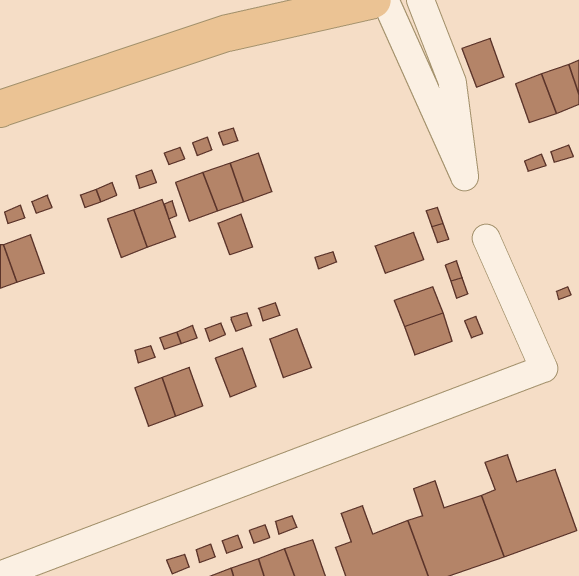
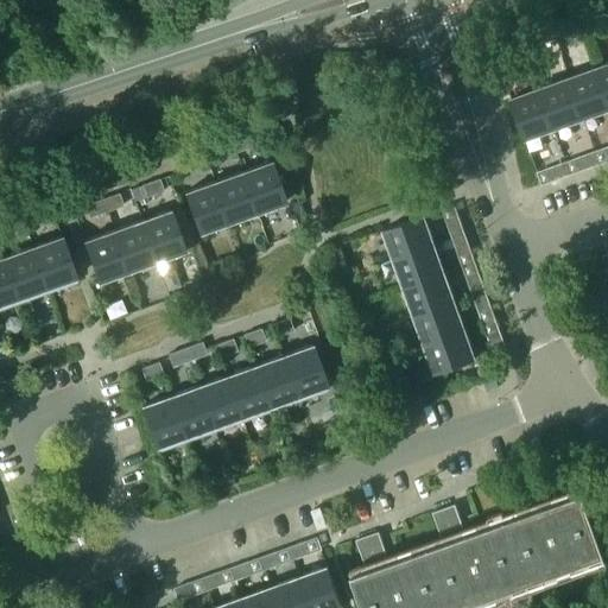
building: [462,38,504,87] -> [511,91,555,142]
building: none -> [384,218,433,261]
building: [218,214,253,255] -> none
building: none -> [83,233,127,283]
building: none -> [32,239,76,290]
building: none -> [404,276,454,318]
building: none -> [254,359,297,408]
building: none -> [198,379,241,429]

